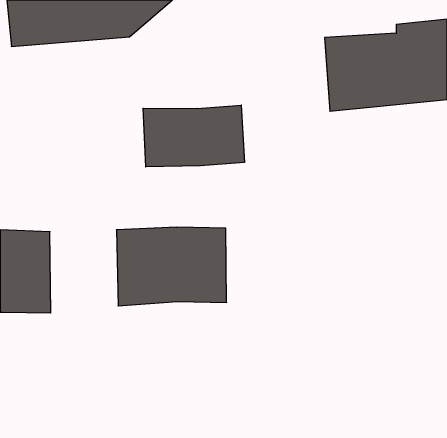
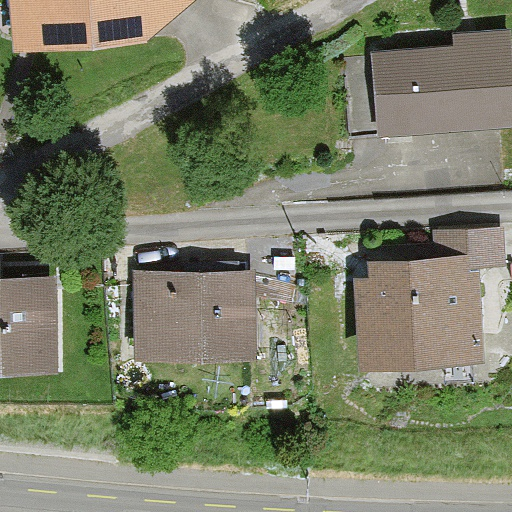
building: [143,105,244,167] -> none
building: none -> [354,231,507,365]

